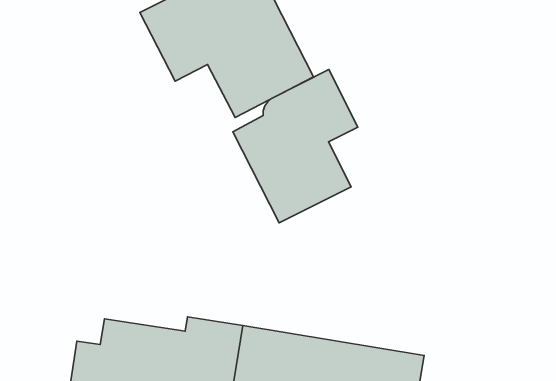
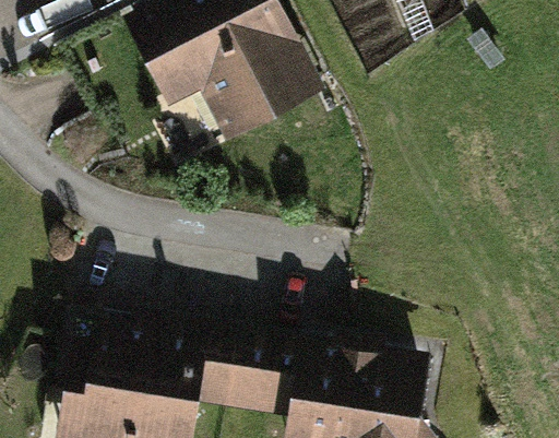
building: [233,69,358,223] -> none

